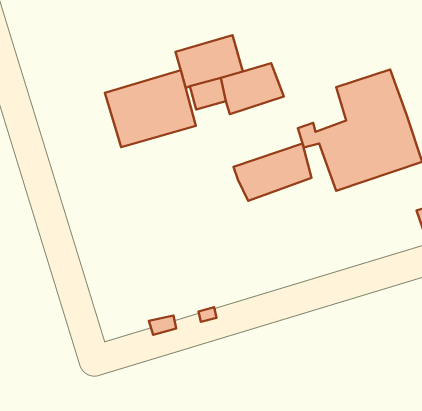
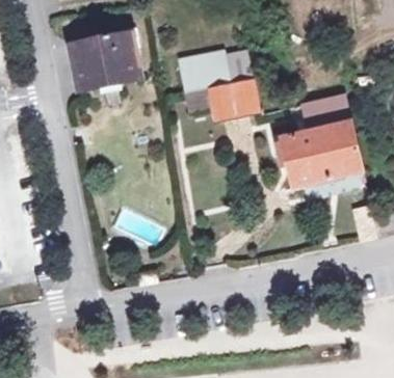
building: [105,70,196,147] -> [72,33,140,88]
building: [233,144,312,201] -> none

